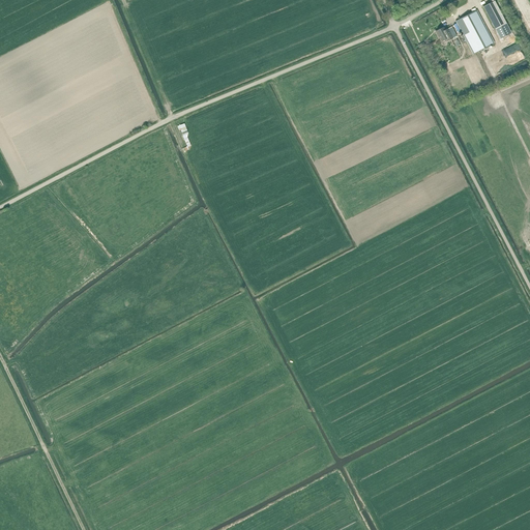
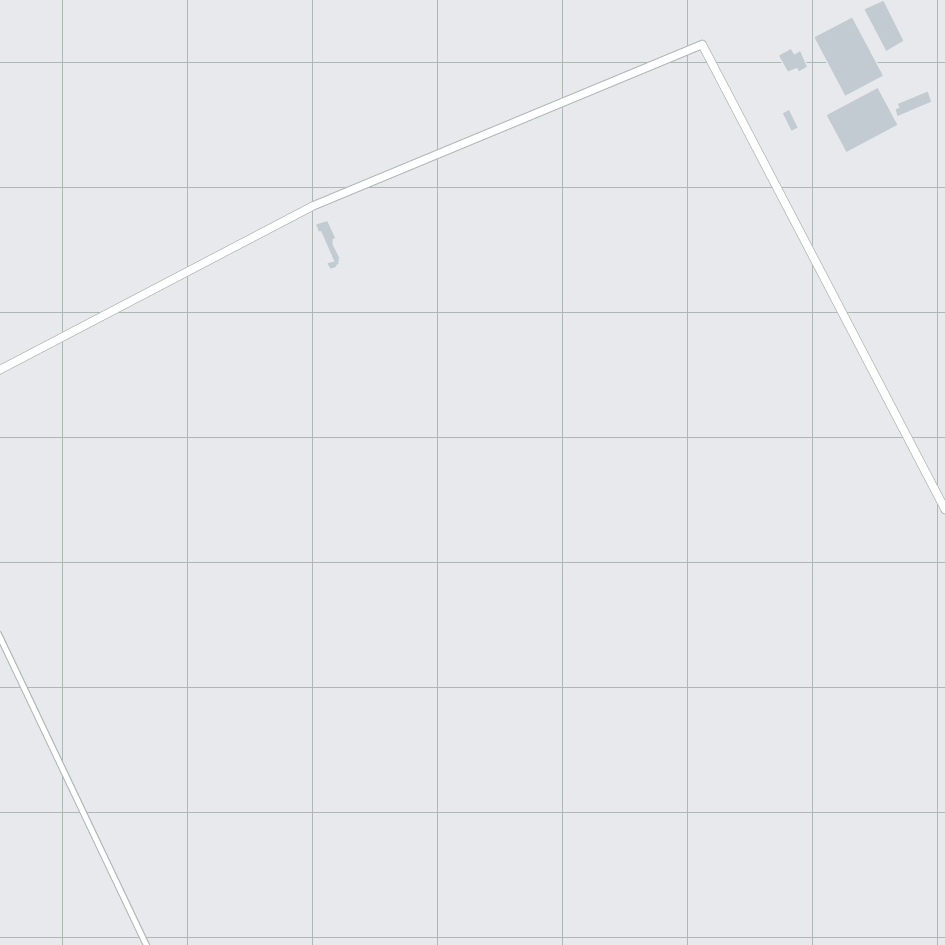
building: none -> [826,87,898,153]

